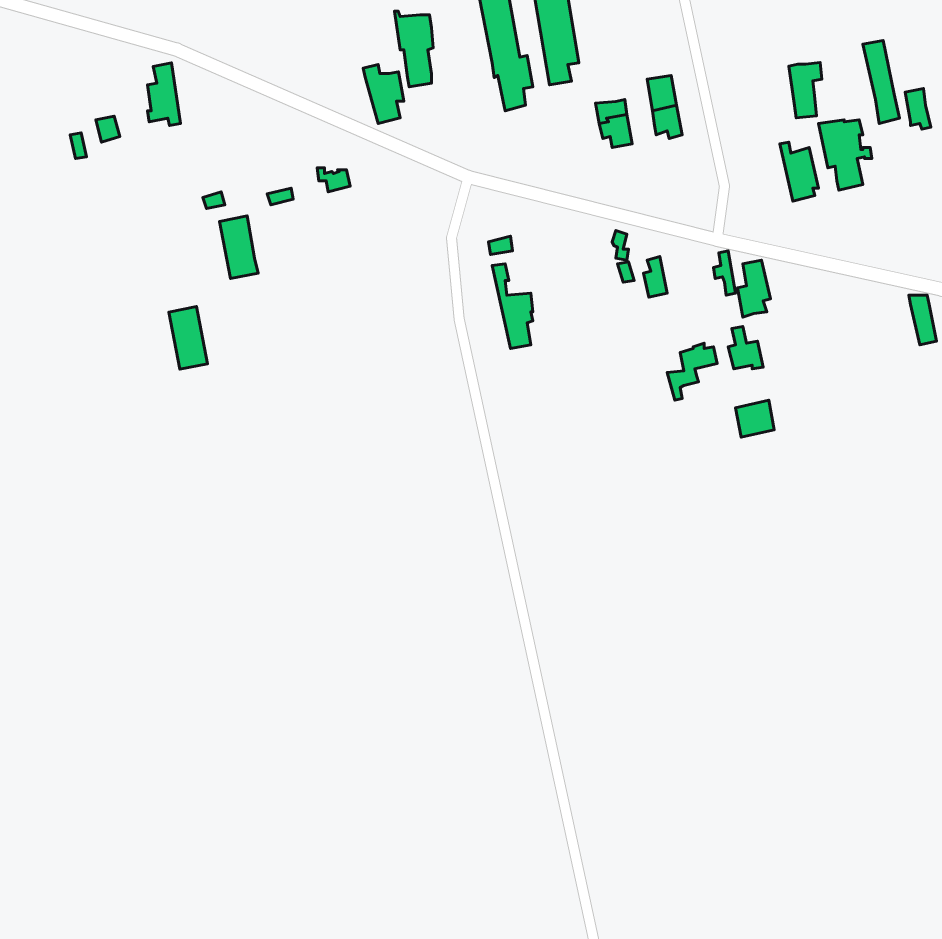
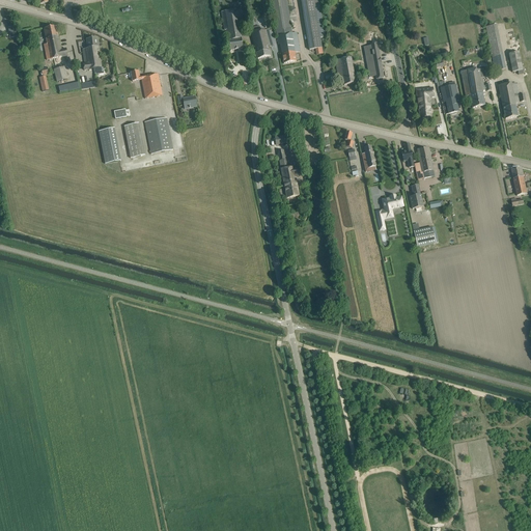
building: none -> [44,24,67,58]
building: [789,62,822,118] -> [416,86,435,117]
building: [363,64,404,123] -> [250,24,273,57]
building: none -> [131,69,162,96]
building: none -> [498,81,520,117]
building: none -> [144,116,174,152]
building: [169,307,208,369] -> [99,127,120,162]

